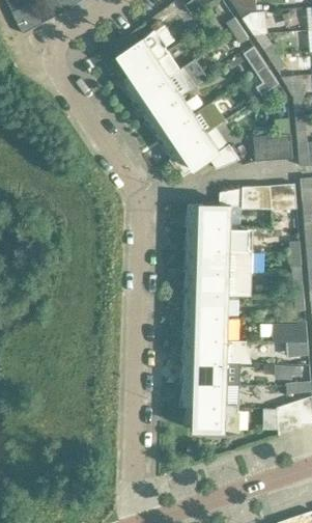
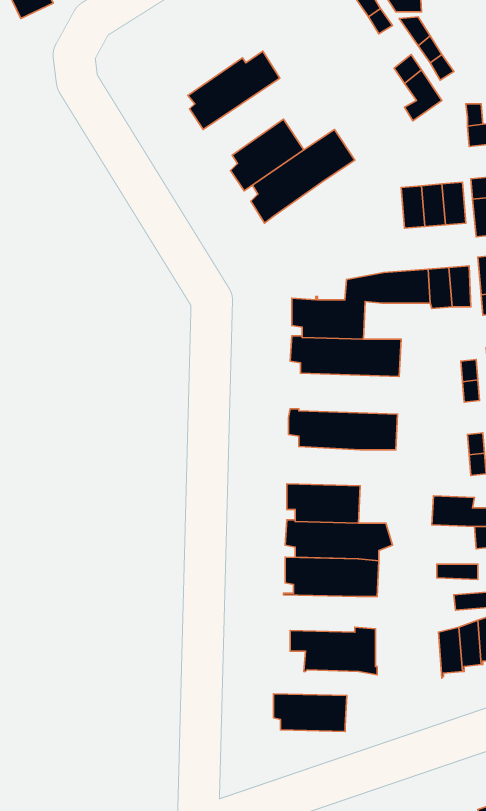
building: [117,29,169,80] -> none
building: [137,67,195,120] -> none
building: [174,132,238,176] -> none
building: [186,248,252,274] -> none
building: [183,294,228,318] -> none
building: [181,384,226,407] -> [274,694,347,731]

